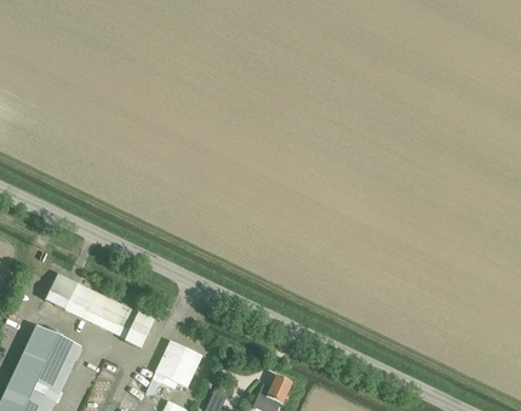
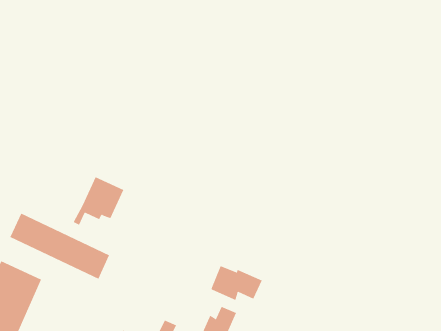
building: none -> [209,265,262,301]
building: [145,341,201,394] -> [73,176,124,225]

